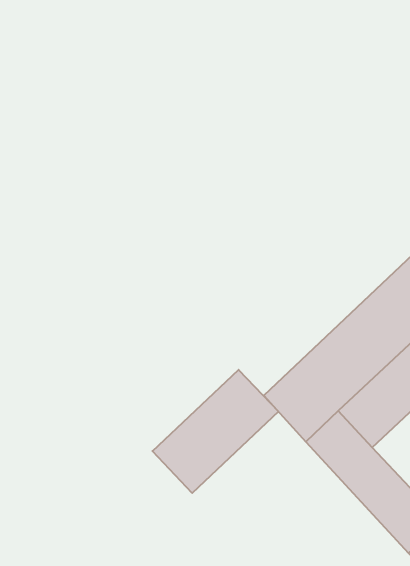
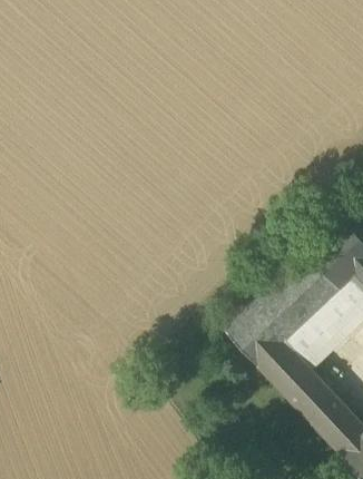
building: [152,370,278,493] -> none

